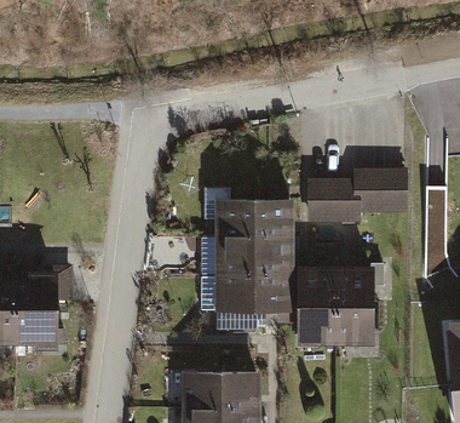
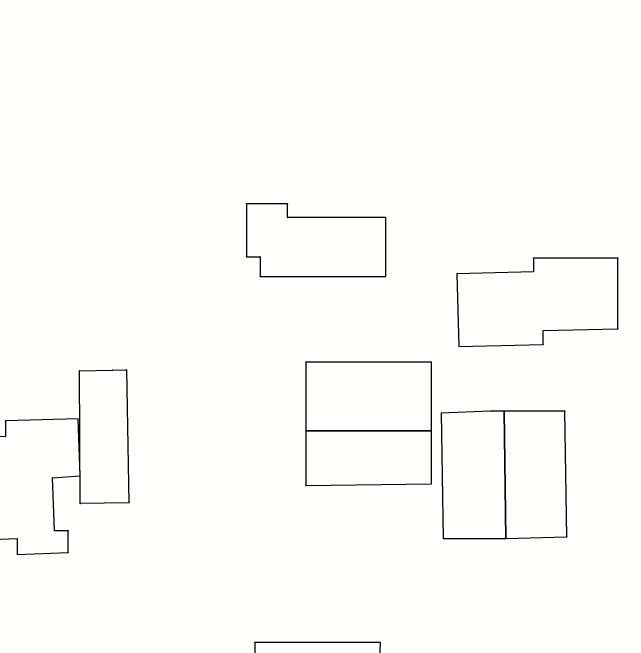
building: [205,189,291,234] -> [246,204,386,276]
building: none -> [79,370,129,504]
building: [182,371,259,407] -> none

